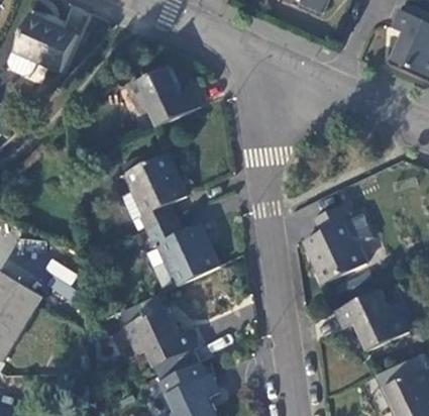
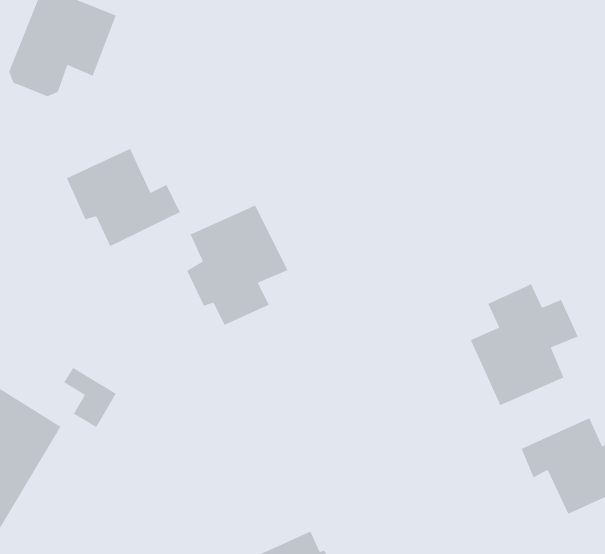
building: [127,65,201,128] -> [66,148,181,247]
building: [145,217,218,286] -> none
building: [124,306,196,367] -> none

